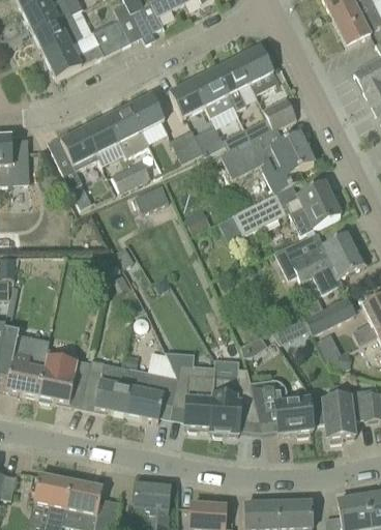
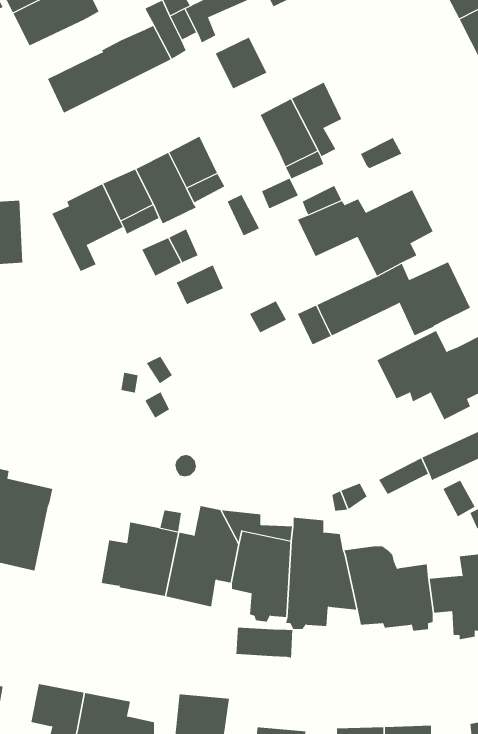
building: [33,13,84,55] -> none
building: [237,47,276,91] -> none
building: [169,80,205,116] -> [215,37,267,89]
building: [244,107,296,142] -> none
building: [180,129,224,158] -> none
building: [37,348,90,404] -> none
building: none -> [236,627,293,658]

